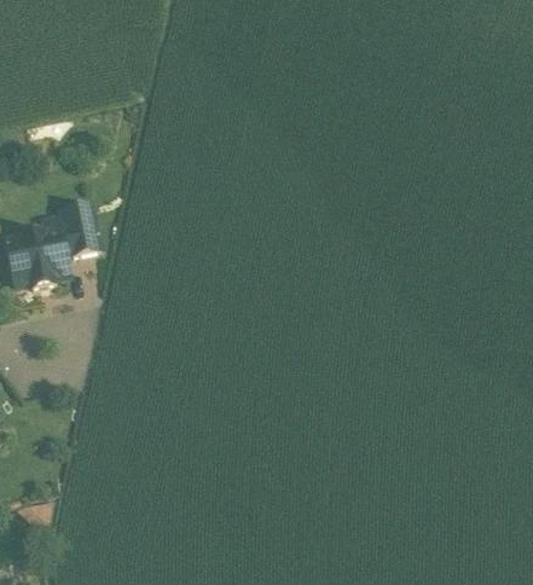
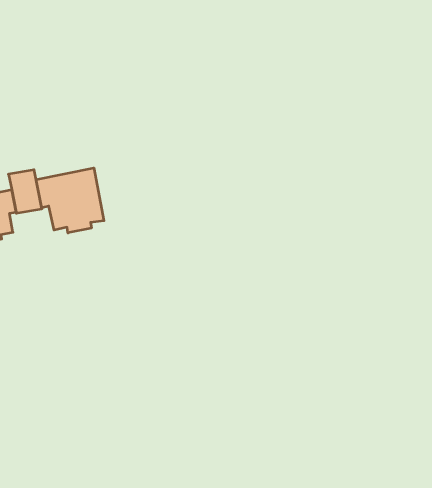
building: none -> [36,168,104,233]

